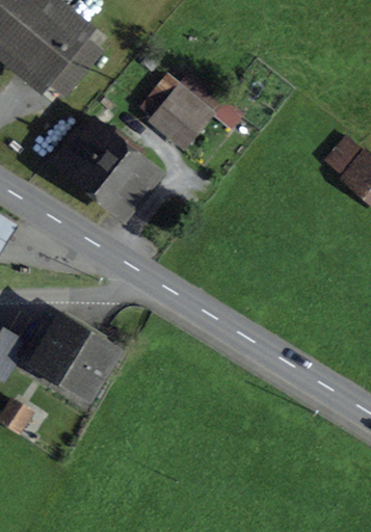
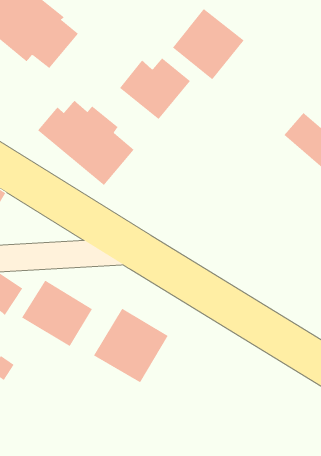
building: none -> [172,8,245,80]
building: none -> [93,308,168,383]

